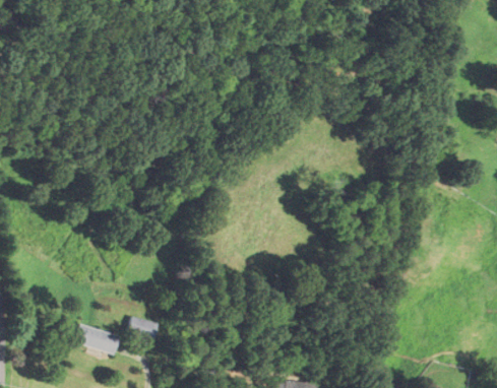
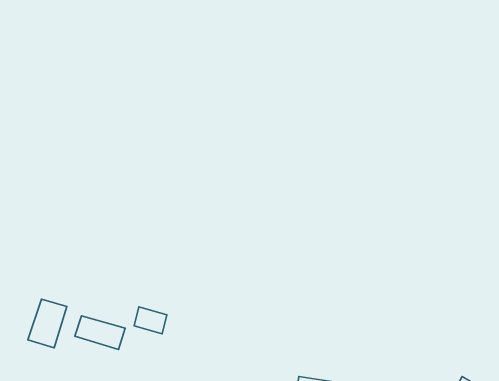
building: none -> [28,299,67,348]

